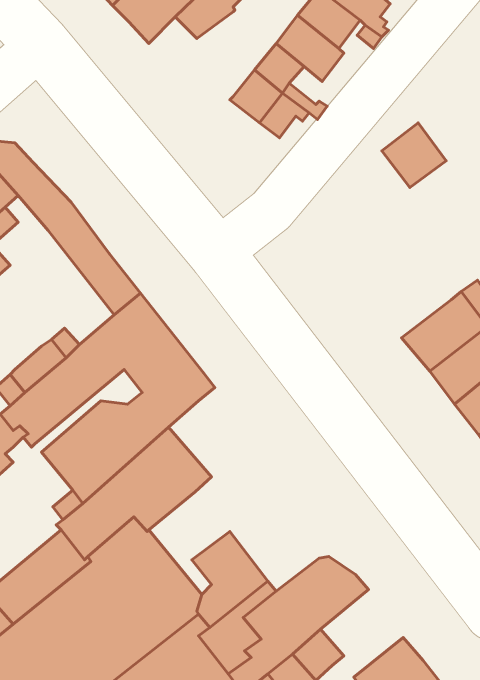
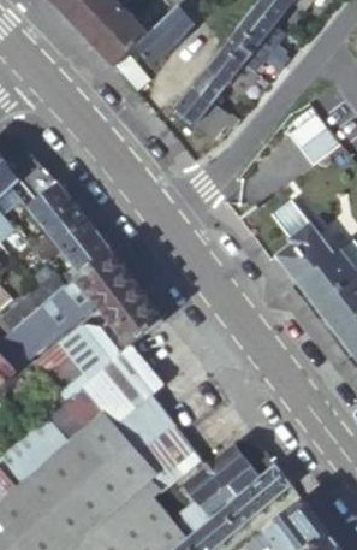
building: none -> [272,197,334,282]
building: none -> [114,394,173,468]
building: none -> [239,465,290,513]

